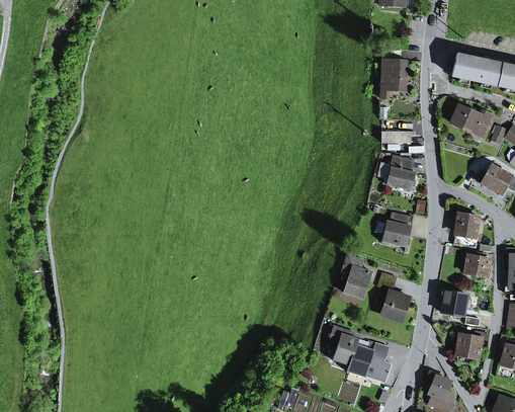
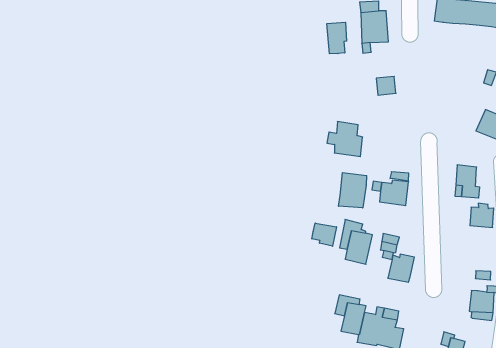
building: none -> [327,22,347,54]
building: [450,105,493,136] -> none
building: [380,155,415,190] -> [327,122,363,157]
building: none -> [339,173,367,208]
building: none -> [312,223,336,246]
building: [441,291,466,315] -> none

